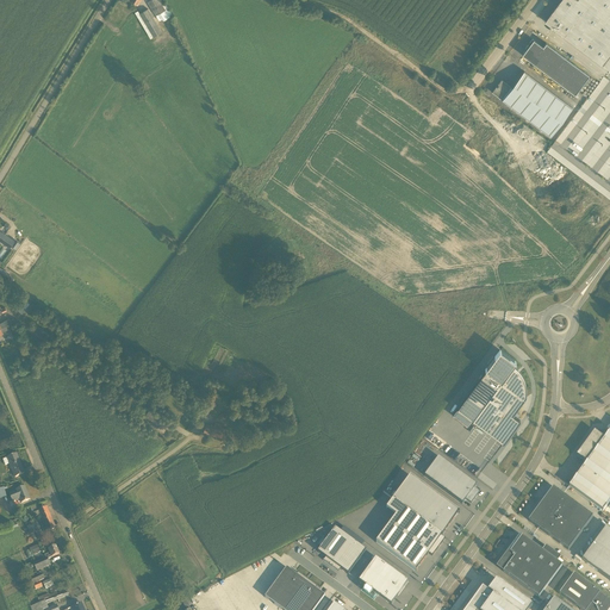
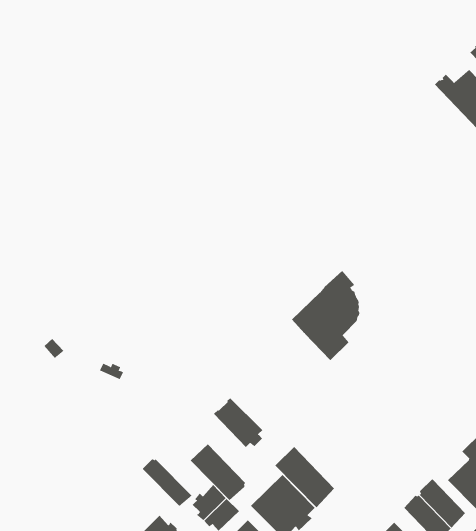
building: [458,349,525,441] -> [291,271,360,361]
building: [424,456,478,504] -> [213,398,263,448]
building: none -> [190,444,246,501]
building: none -> [142,458,192,507]

